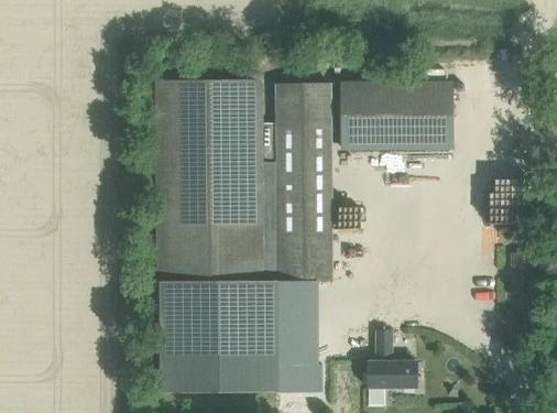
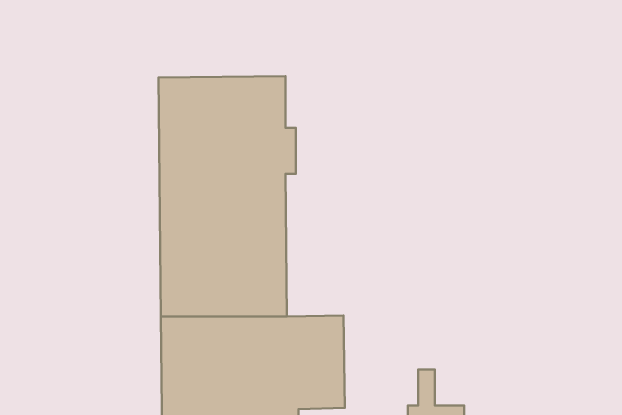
building: [275,81,334,282] -> none
building: [340,81,455,151] -> none

